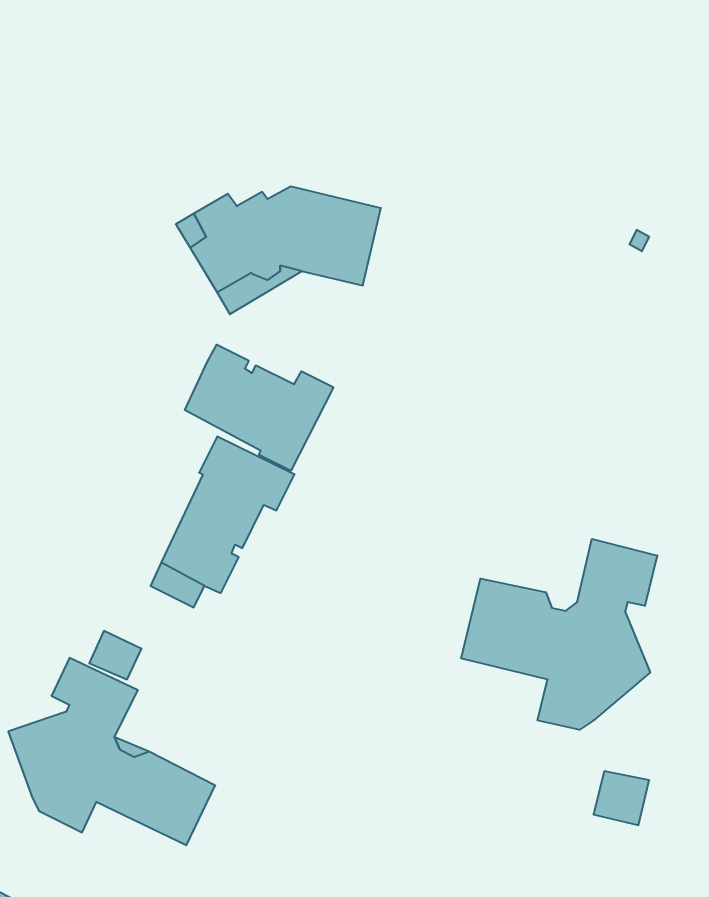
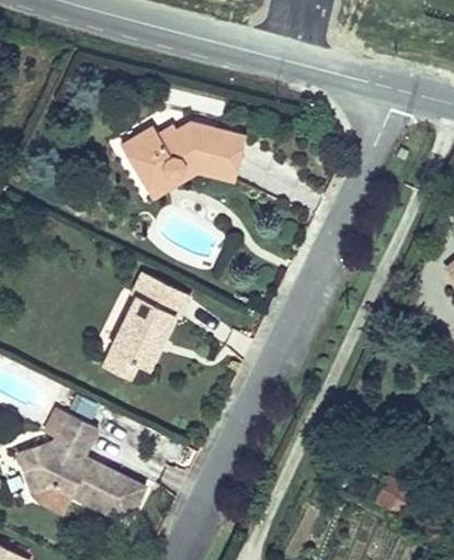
building: [185,345,333,471] -> none
building: [461,539,657,730] -> none

